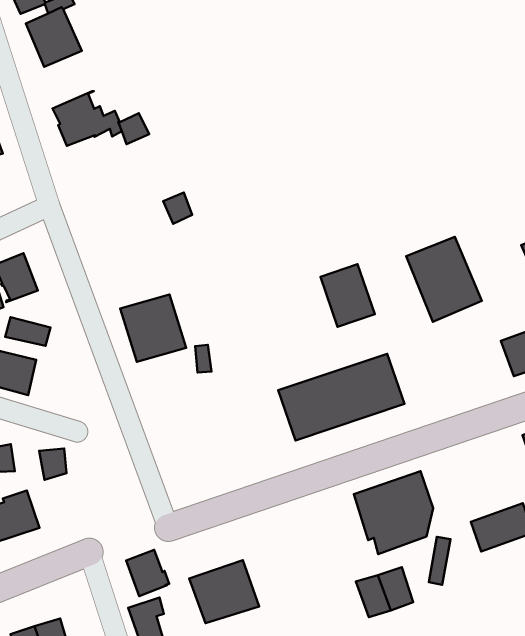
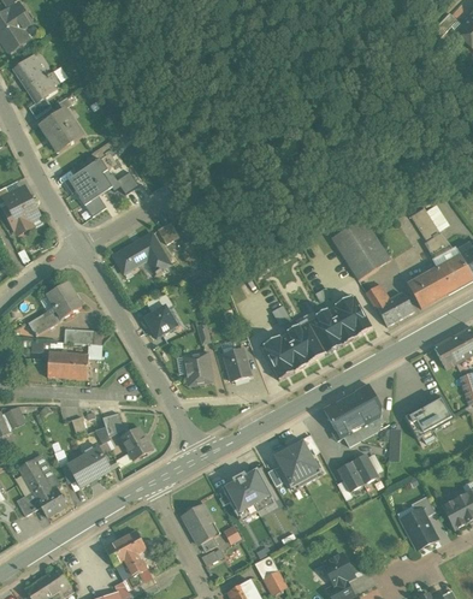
building: none -> [113,232,170,275]
building: [320,264,375,327] -> [330,293,372,339]
building: none -> [365,283,414,325]
building: none -> [185,351,212,384]
building: none -> [223,346,250,380]
building: none -> [272,438,321,487]
building: [126,550,169,596] -> [120,426,153,459]

